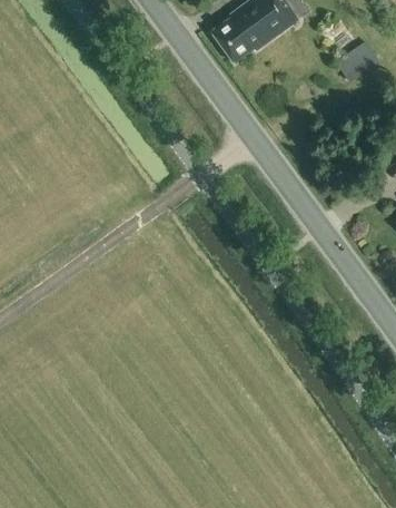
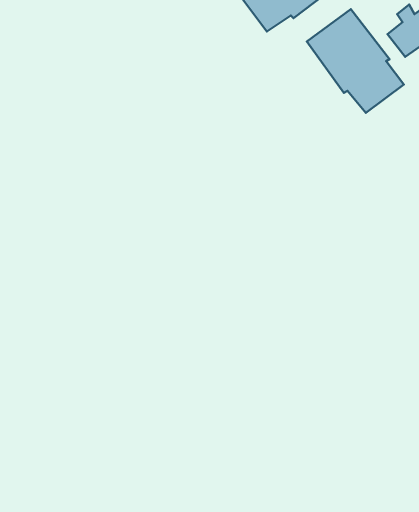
building: none -> [307,9,404,113]

